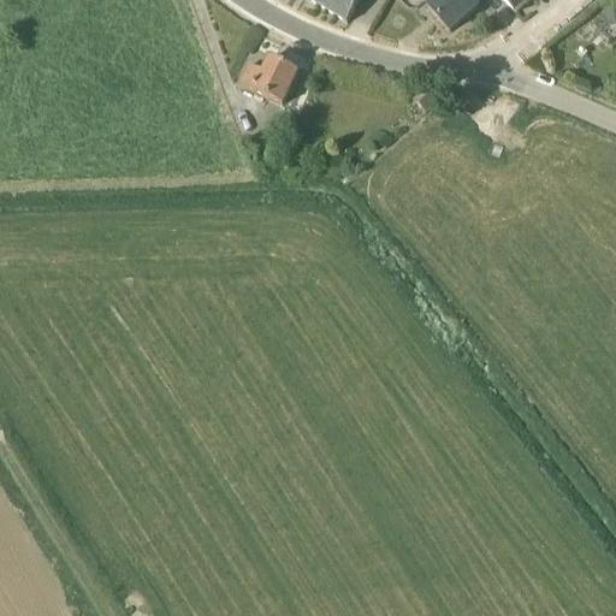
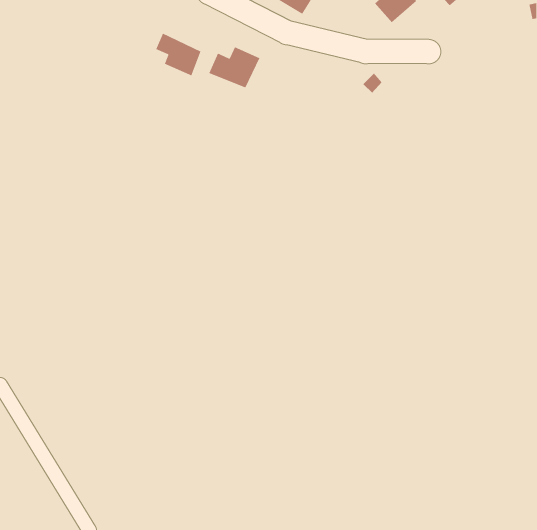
building: none -> [155,32,202,77]

